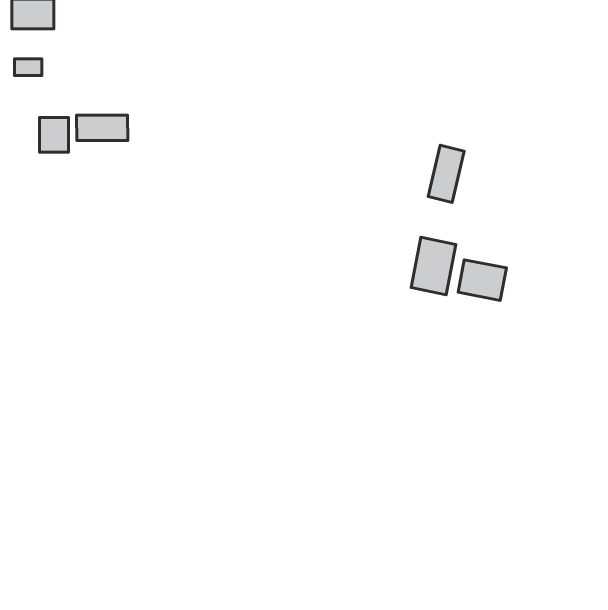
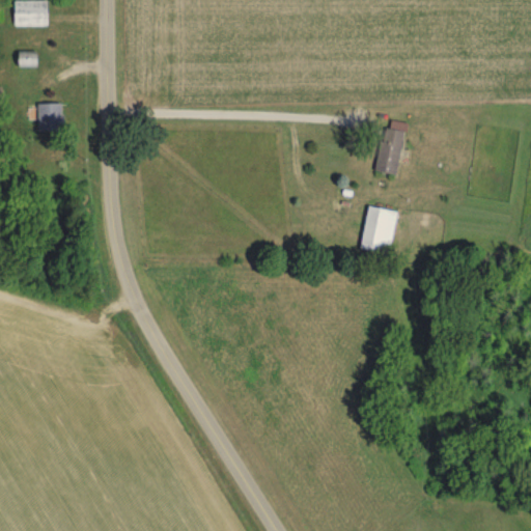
building: [77,115,128,140] -> none
building: [458,260,506,300] -> none

